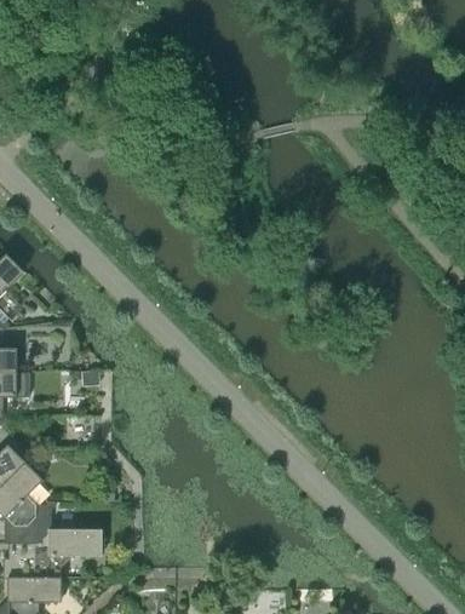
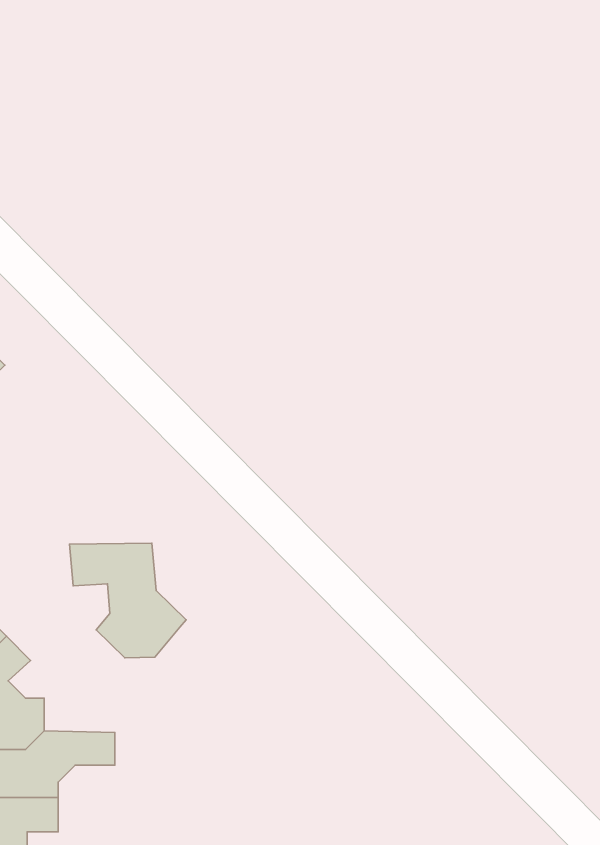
building: none -> [70,543,186,658]

